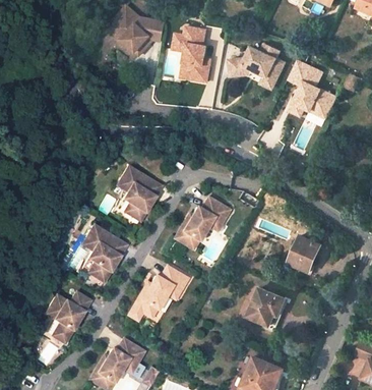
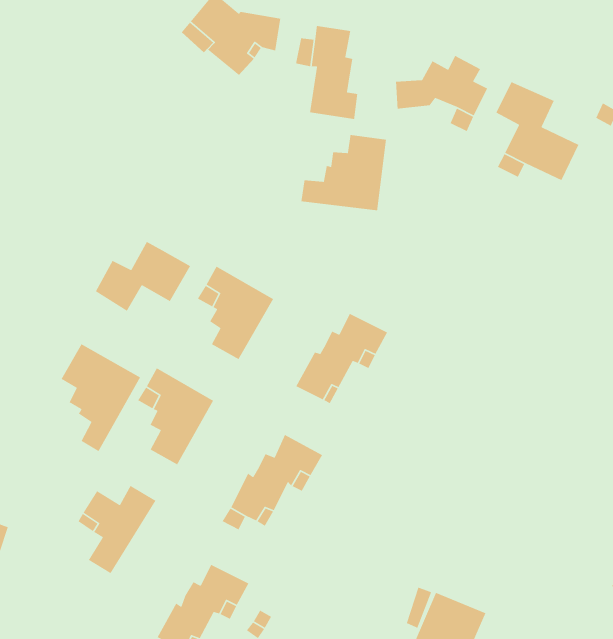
building: none -> [301,134,387,211]
building: none -> [95,241,191,312]
building: none -> [61,343,141,452]
building: [288,236,320,272] -> none
building: [247,287,285,332] -> none

